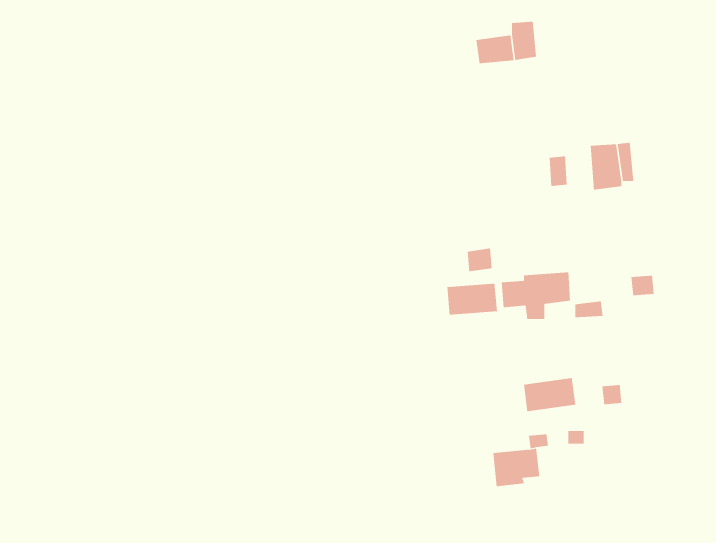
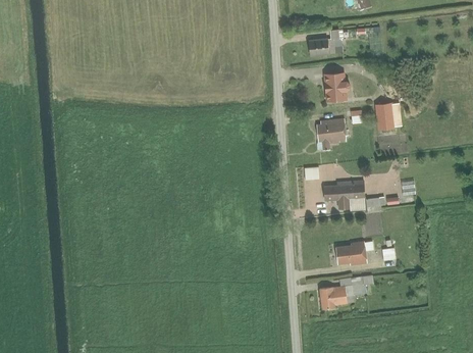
building: none -> [324,71,352,102]
building: none -> [315,117,346,149]
building: [447,283,497,316] -> none

